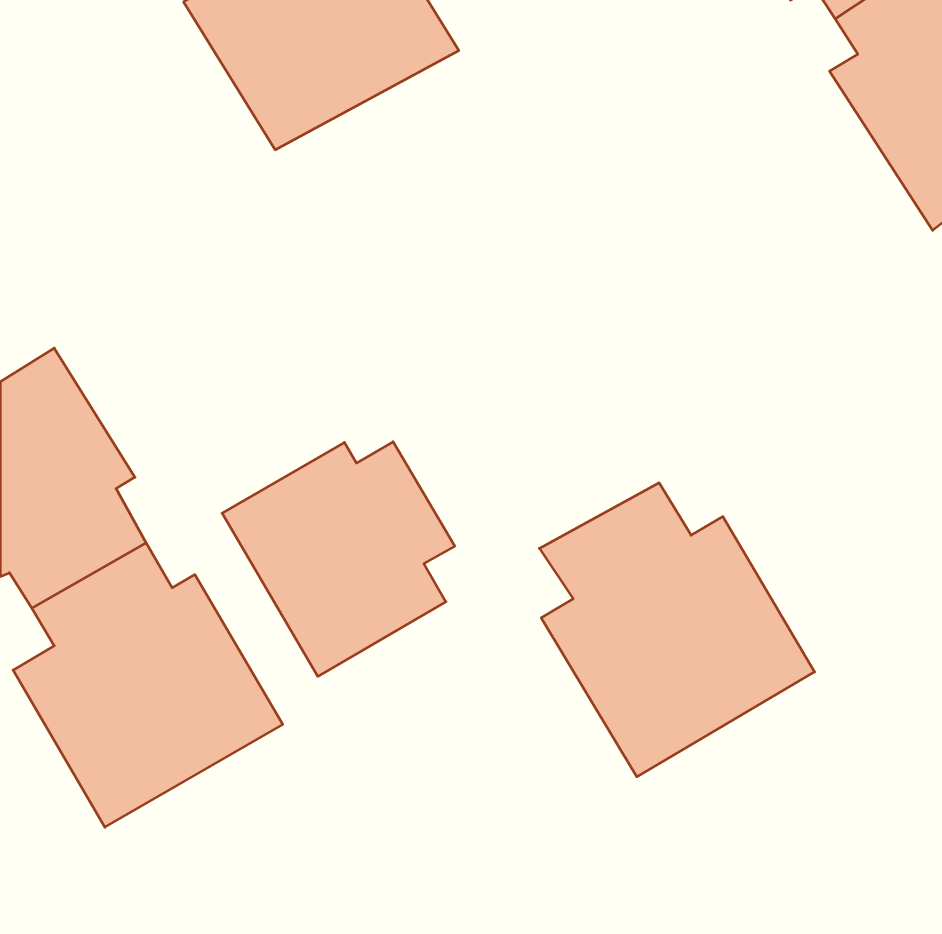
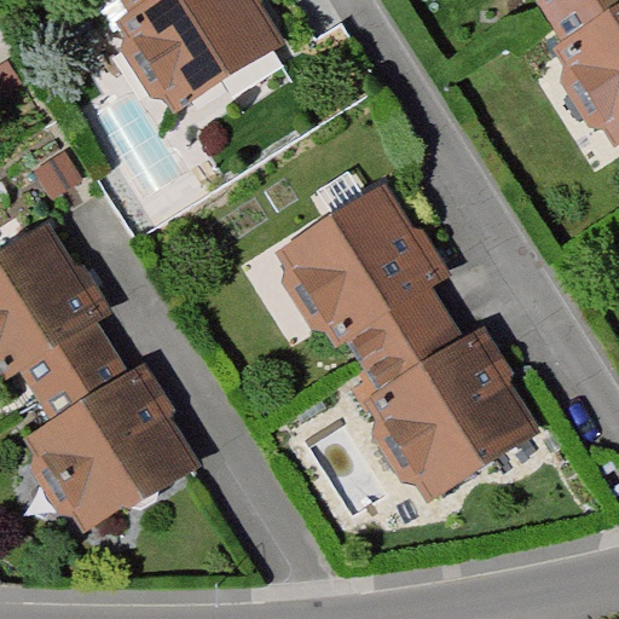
building: none -> [272,184,438,354]
building: [222,442,455,676] -> none

